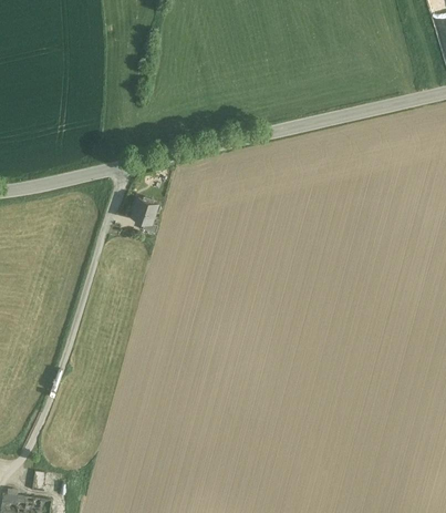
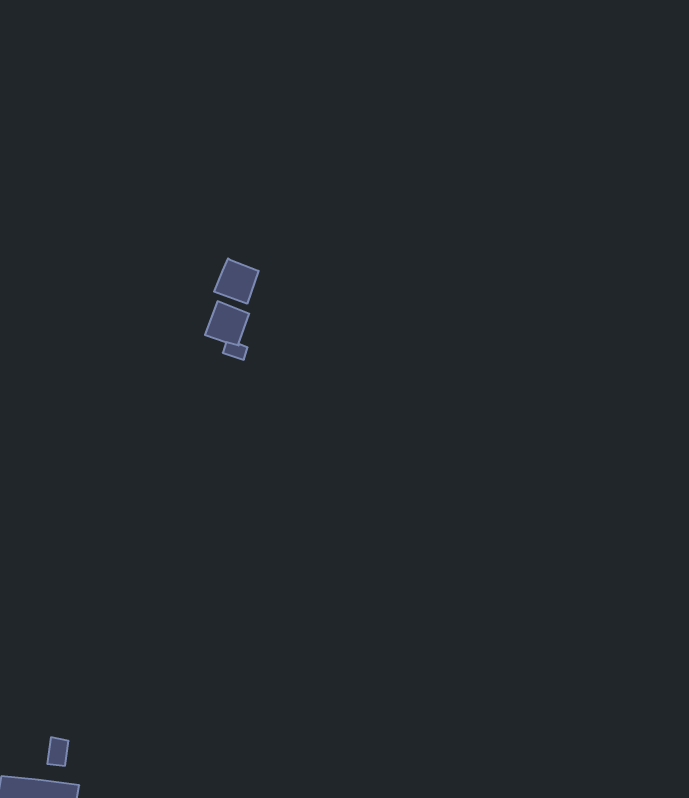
building: none -> [214,258,259,304]

